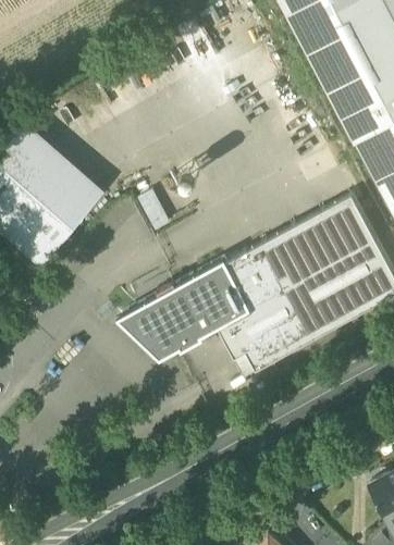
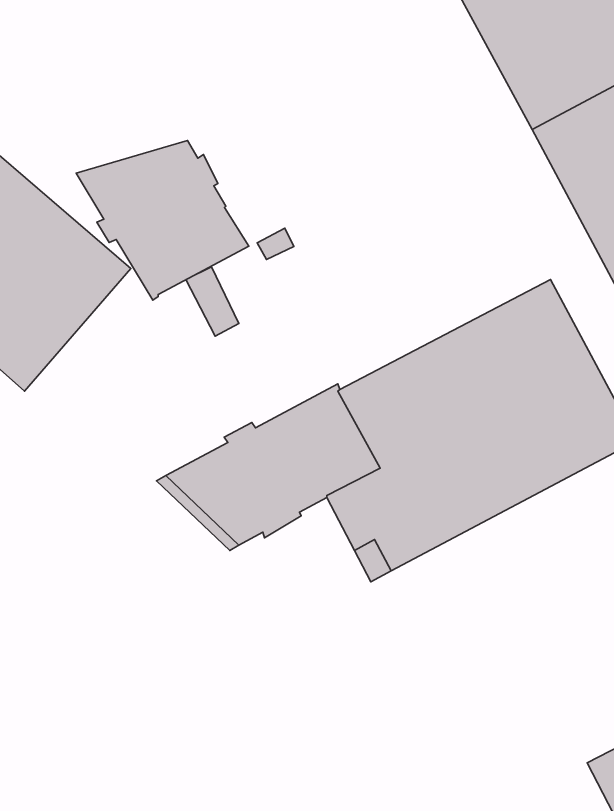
building: none -> [76,141,249,300]

